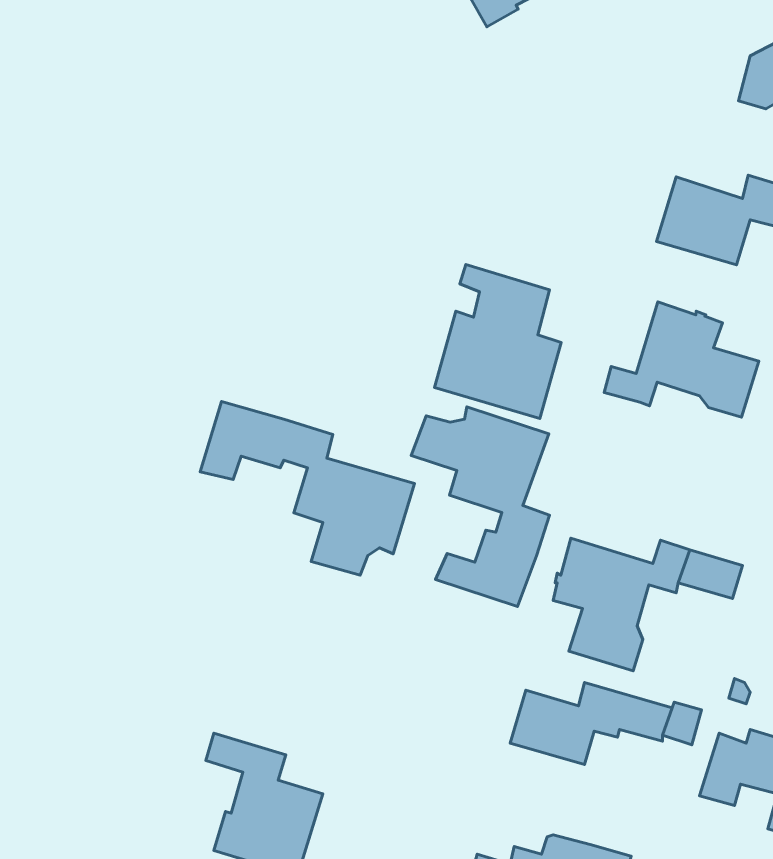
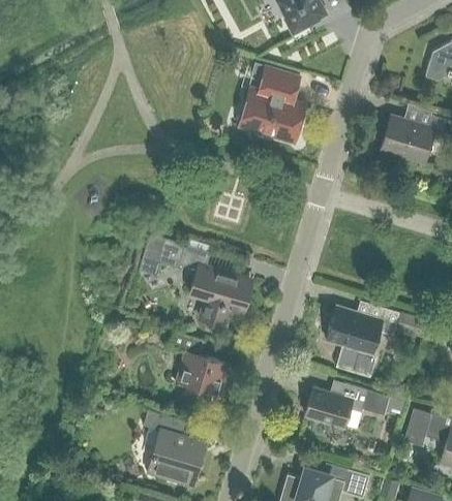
building: [434,264,561,419] -> [238,62,305,144]
building: [604,302,759,417] -> none
building: [411,407,549,607] -> none
building: none -> [169,332,228,400]

